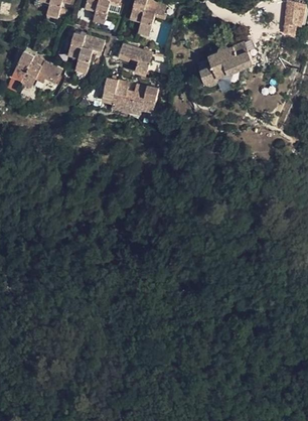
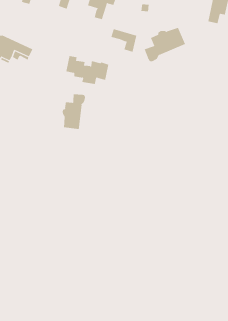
building: [68,31,105,69] -> none
building: [119,43,152,74] -> [111,28,137,53]
building: none -> [62,93,86,130]

